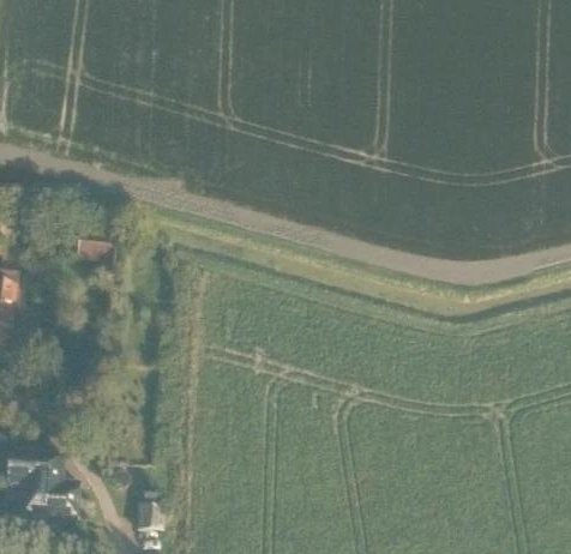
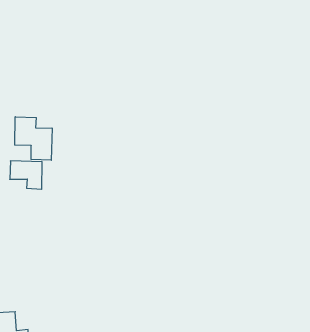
building: none -> [15,117,52,160]

